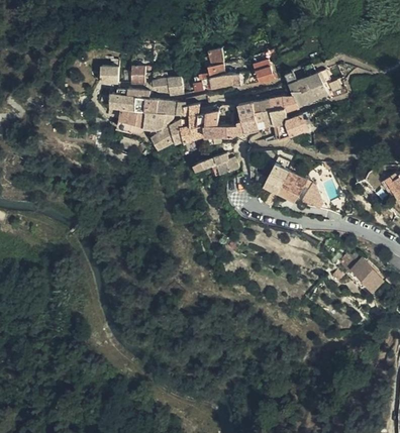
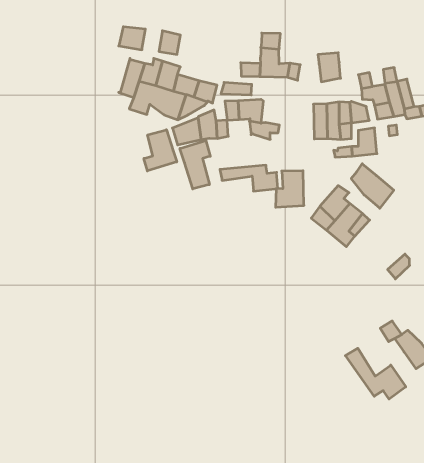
building: [153,77,184,95] -> none
building: [238,103,262,134] -> [276,171,304,207]
building: none -> [144,130,177,171]
building: none -> [351,164,394,208]
building: none -> [180,141,210,189]
building: none -> [345,348,406,399]

